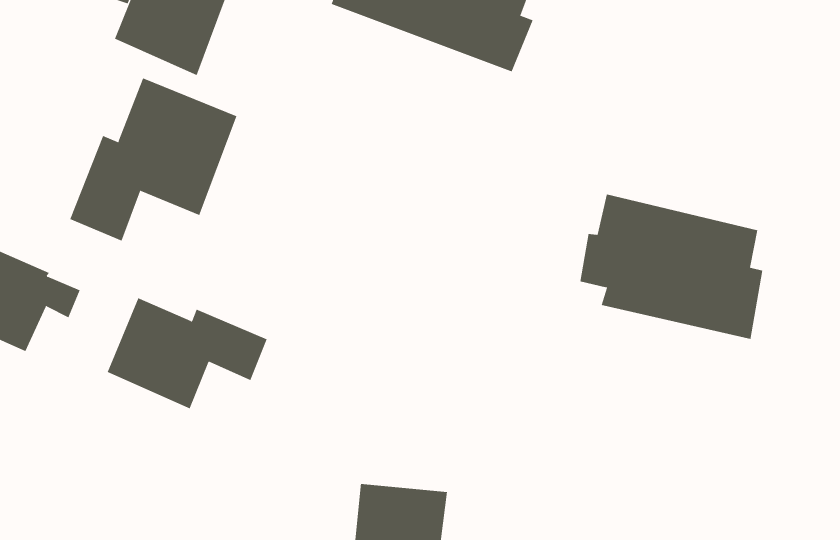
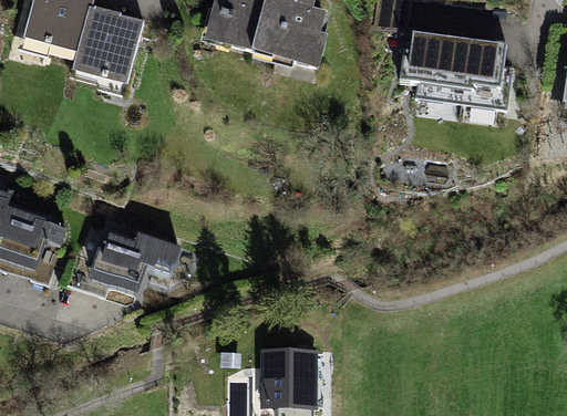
building: [69,77,237,241] -> none
building: [580,194,763,340] -> [400,29,512,110]

